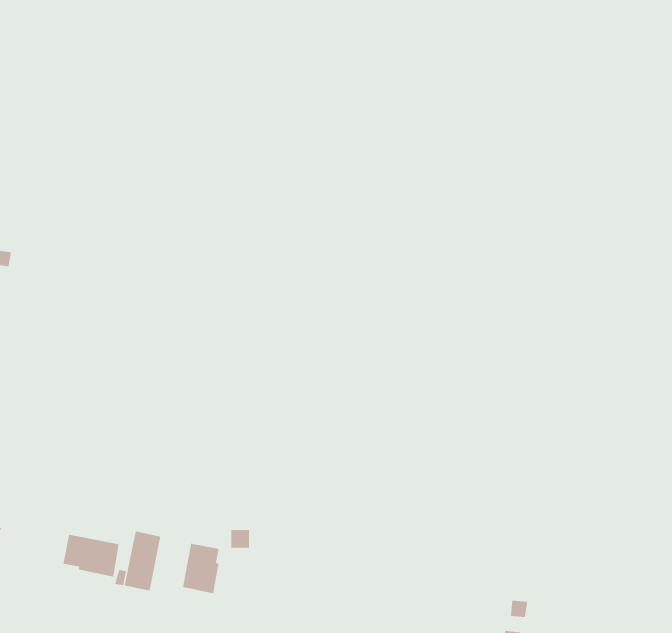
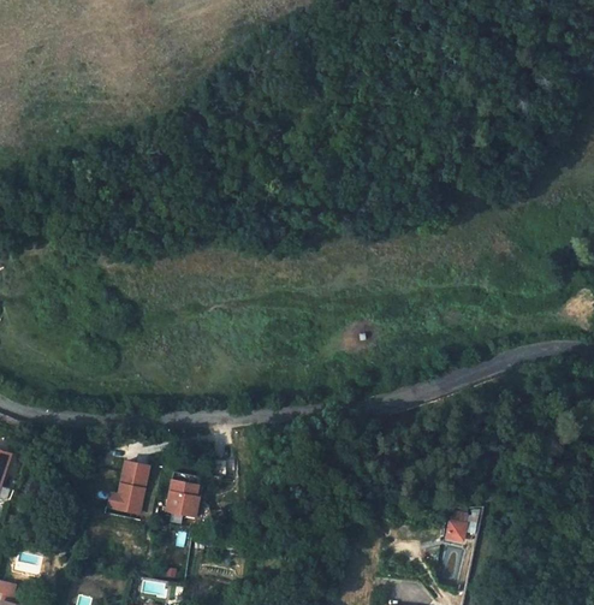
building: [63,534,119,578] -> none

